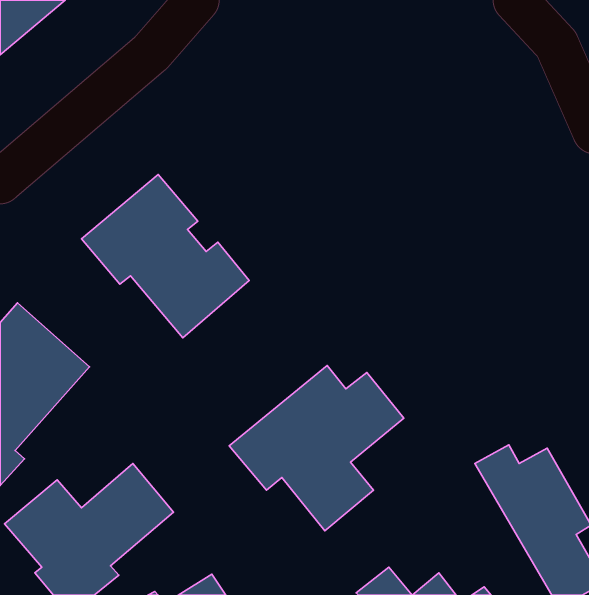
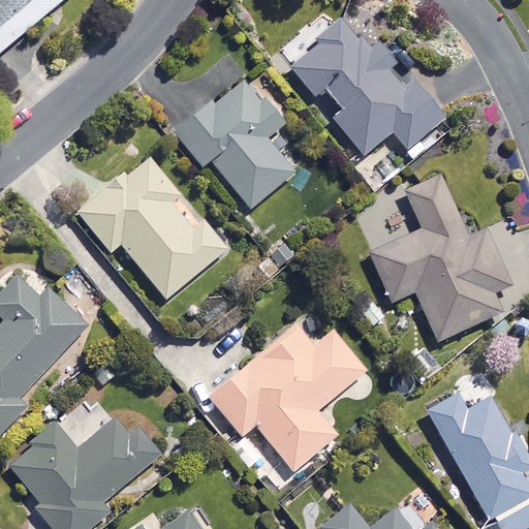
building: none -> [286,20,442,155]
building: none -> [174,80,294,209]
building: none -> [370,177,510,342]

